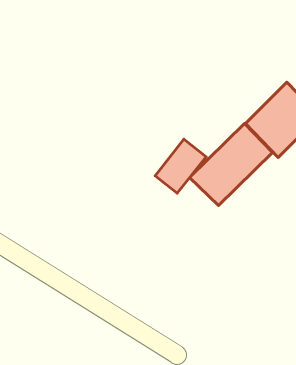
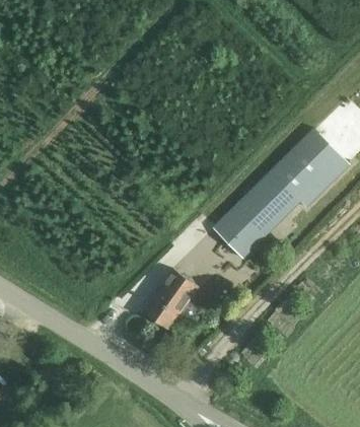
building: [155,139,206,193] -> [144,271,198,328]

